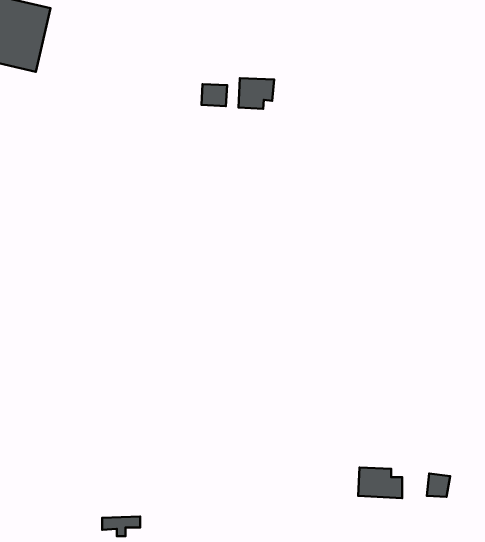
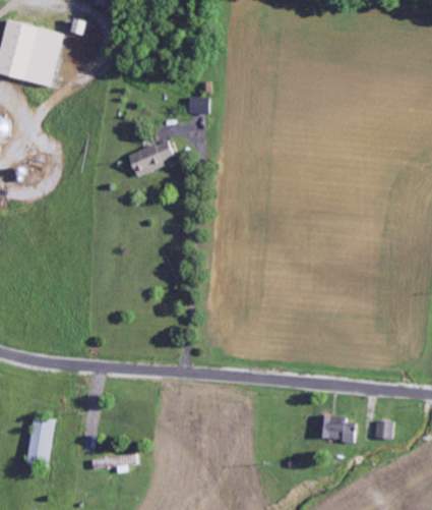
building: [238,78,274,109] -> none
building: none -> [131,138,175,177]
building: none -> [27,416,54,466]

